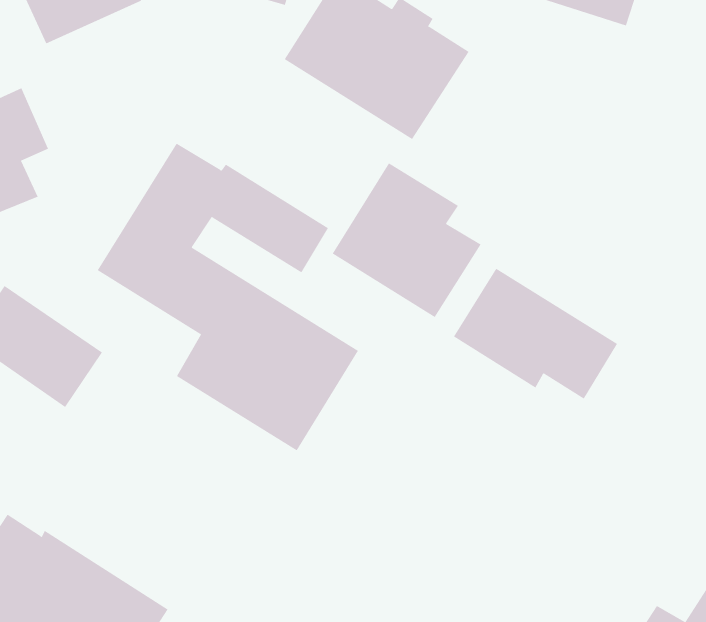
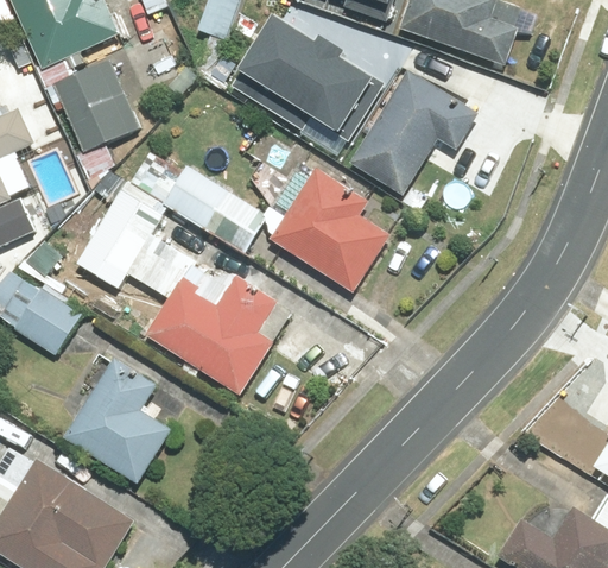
building: none -> [42,58,140,153]
building: none -> [348,69,473,193]
building: [453,268,618,400] -> none
building: none -> [65,359,178,484]

